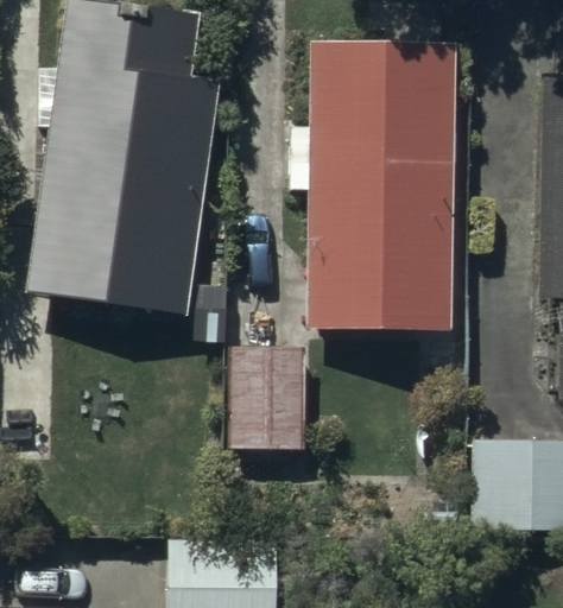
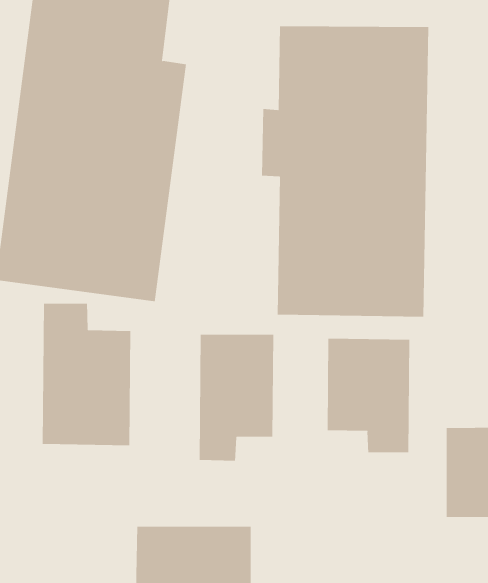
building: none -> [42,303,131,446]
building: none -> [327,338,410,453]

